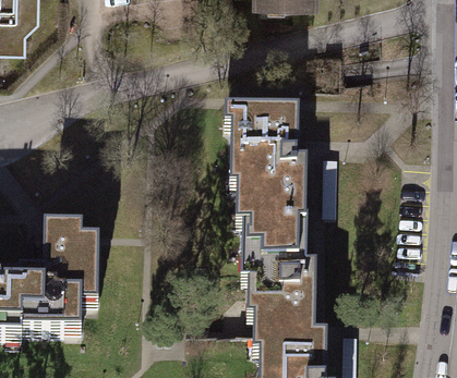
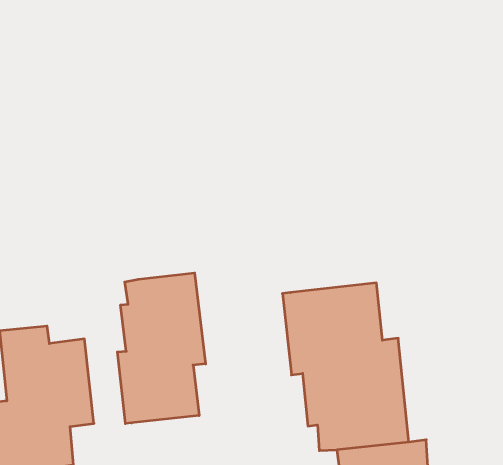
building: [229,110,305,225] -> none
building: none -> [117,273,206,424]

